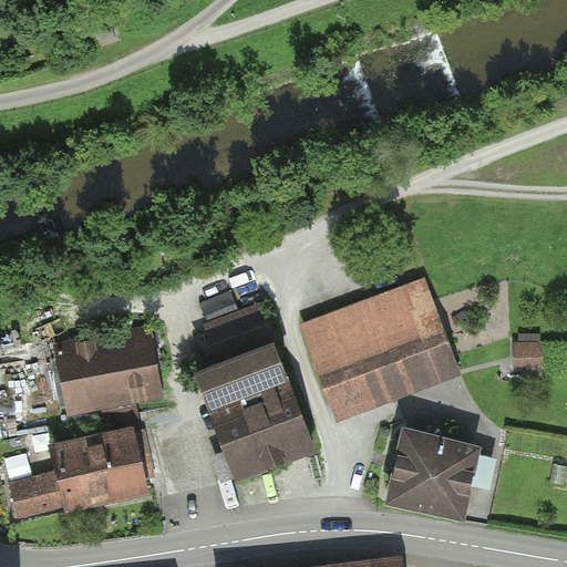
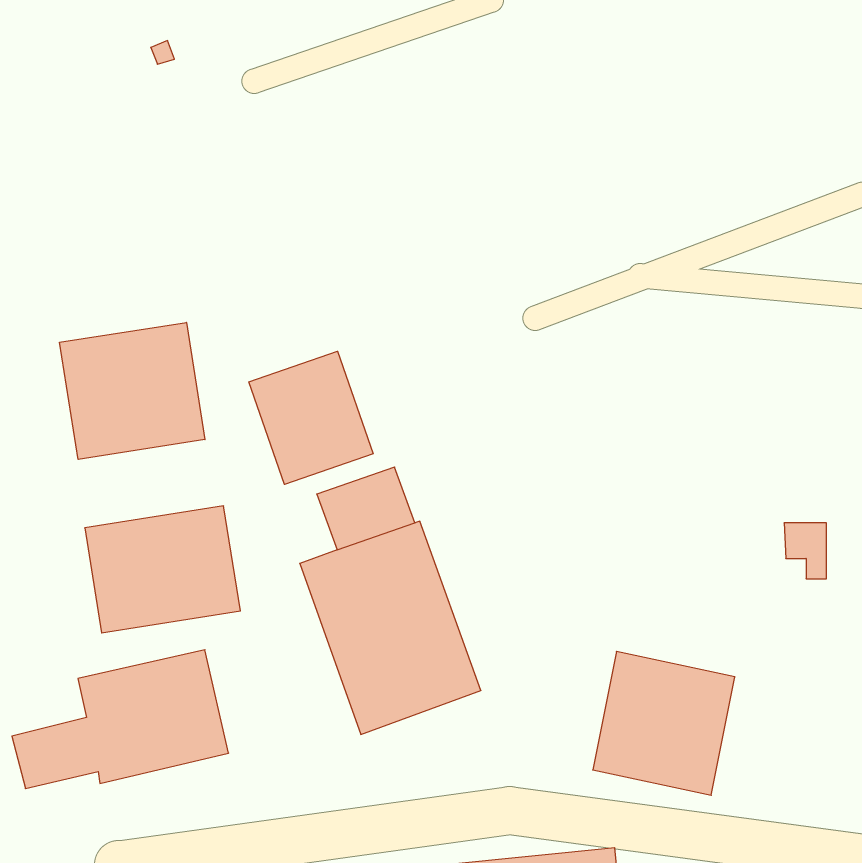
building: none -> [60,322,205,459]
building: none -> [249,351,373,484]
building: [297,279,458,423] -> none

